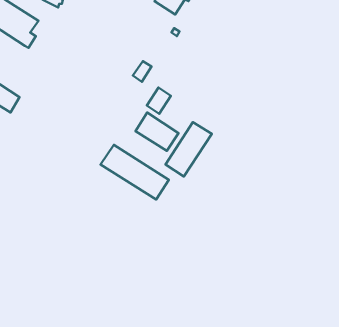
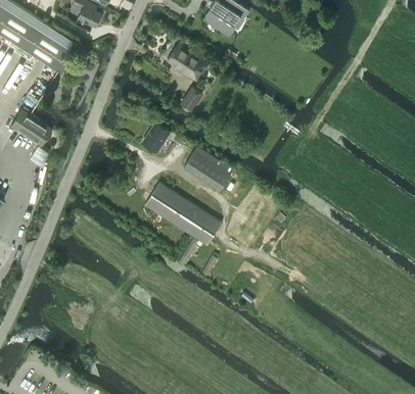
building: none -> [167,42,206,81]
building: [147,88,171,114] -> [142,122,170,152]
building: [165,122,212,176] -> none

